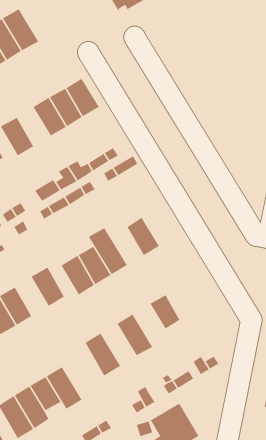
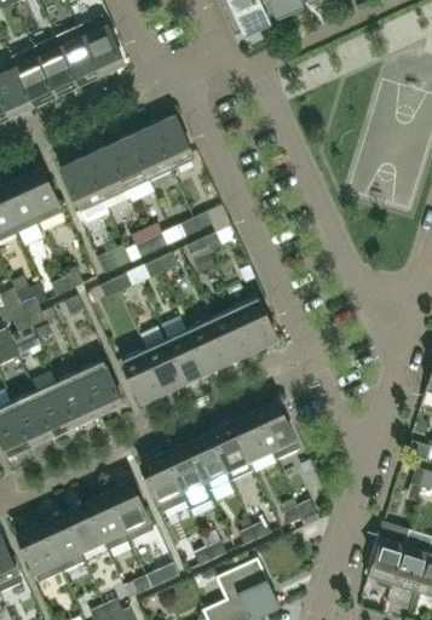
building: none -> [85,148,126,200]
building: none -> [235,297,277,349]
building: none -> [190,318,231,369]
building: none -> [58,371,99,423]
building: none -> [255,402,300,460]
building: none -> [209,423,254,481]
building: none -> [165,444,213,510]
building: none -> [109,482,154,540]

